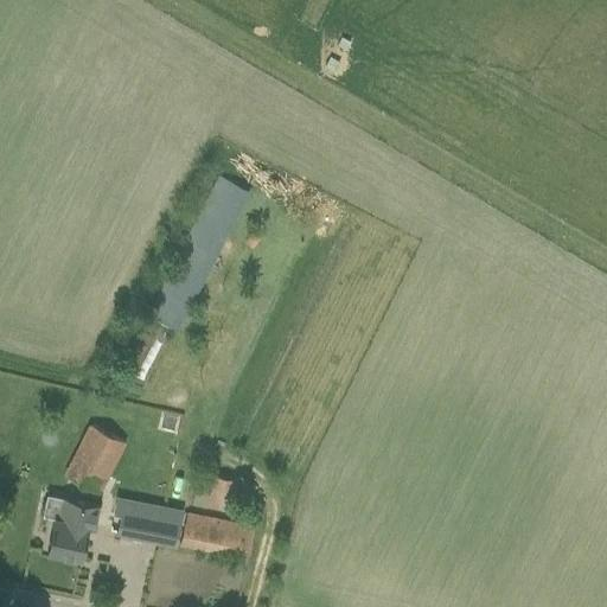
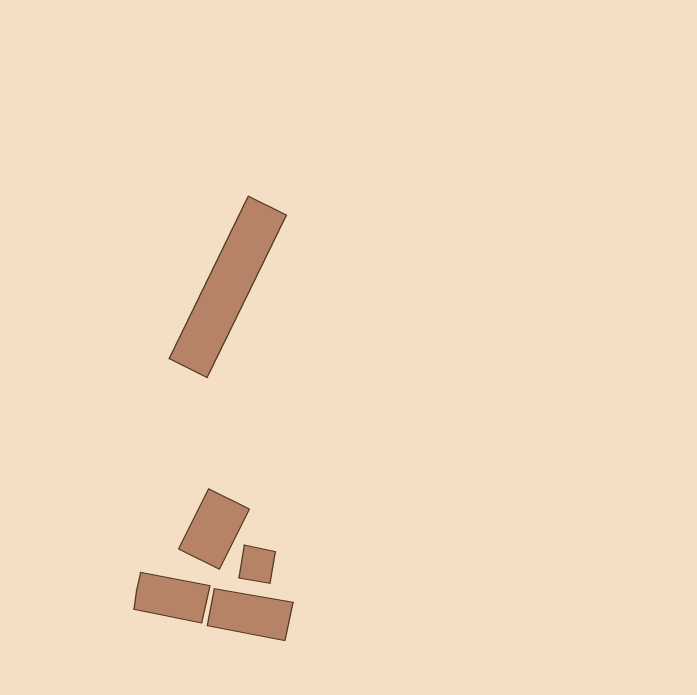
building: [64,424,126,494] -> [179,489,249,569]
building: [47,498,98,558] -> none

